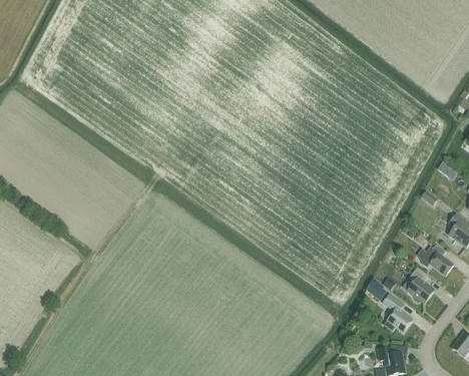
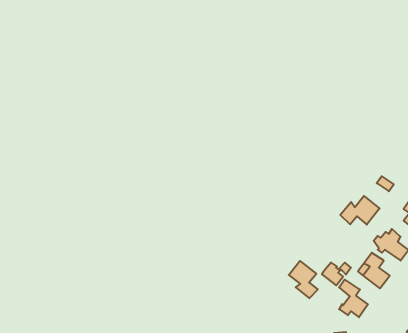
building: none -> [340,196,380,225]
building: none -> [289,261,318,298]

